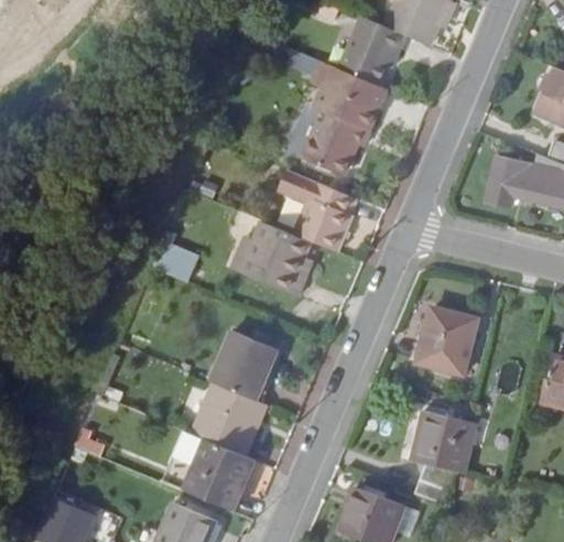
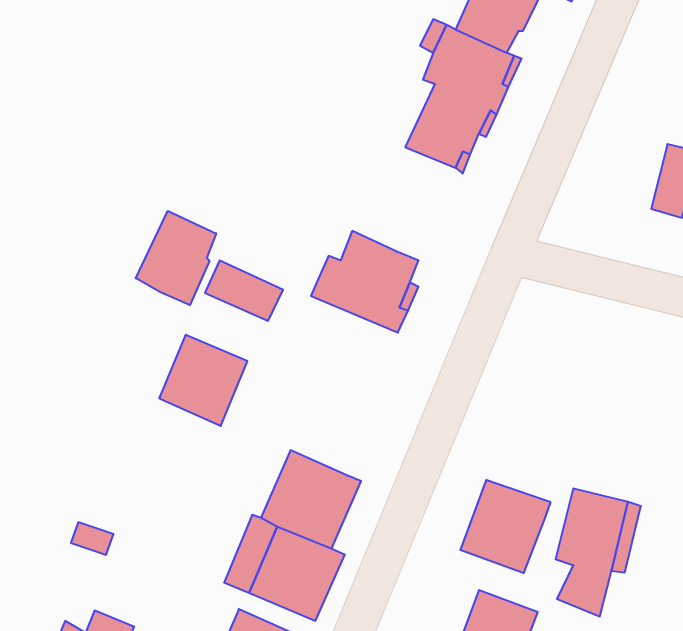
building: [288,170,362,252] -> none
building: none -> [136,211,216,305]
building: [422,310,480,375] -> none
building: [216,333,282,401] -> [159,335,247,426]
building: none -> [460,480,550,573]

